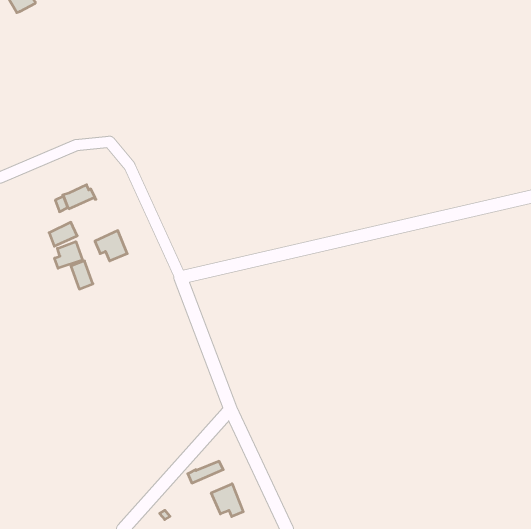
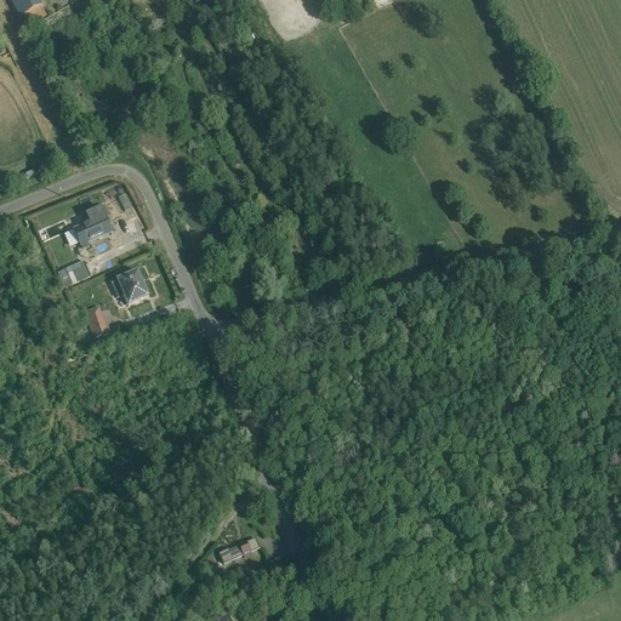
building: [55,242,83,268] -> none
building: [211,484,243,517] -> none

